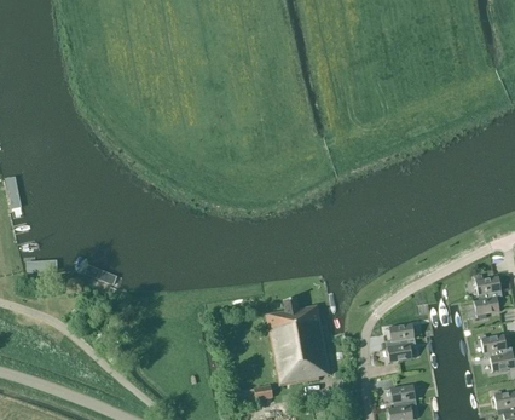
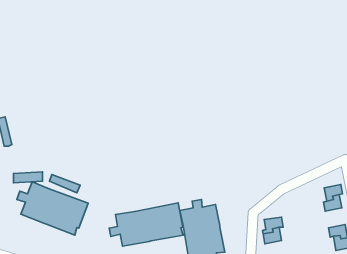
building: none -> [17,182,88,235]
building: none -> [109,203,183,246]

